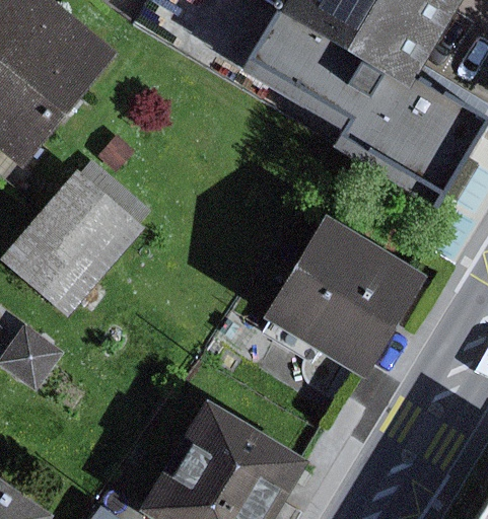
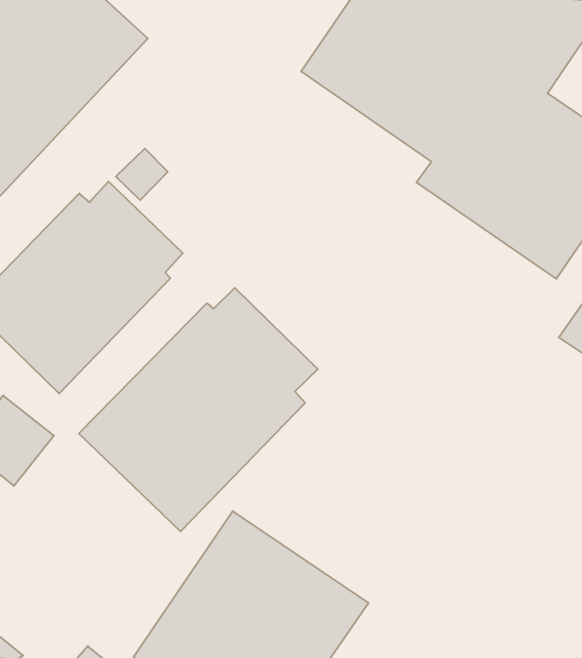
building: [256,211,423,377] -> none
building: none -> [79,288,318,531]

